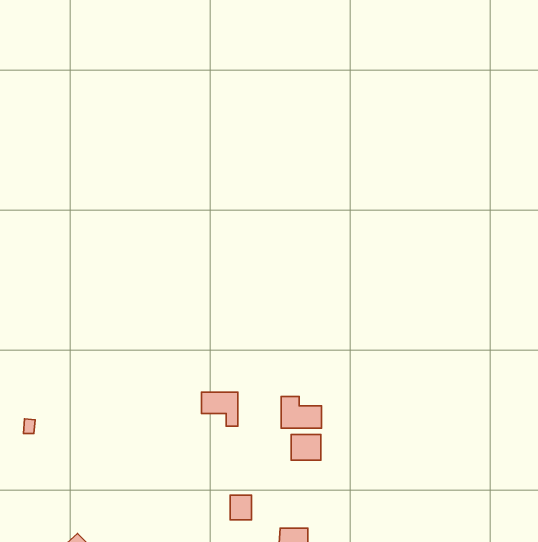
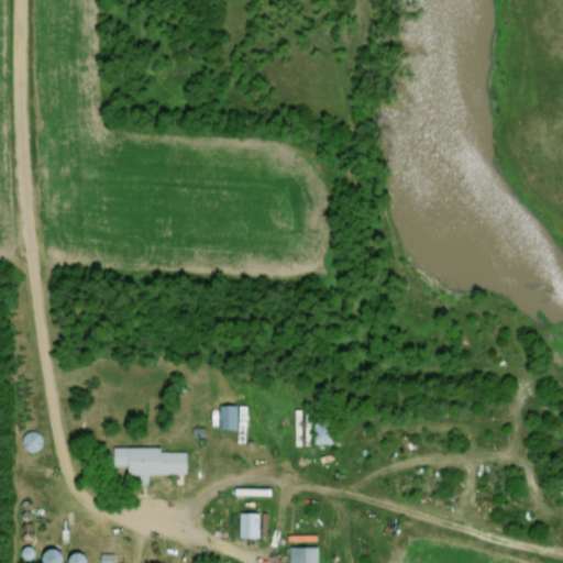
building: none -> [113,448,188,475]
building: [291,434,321,460] -> none

